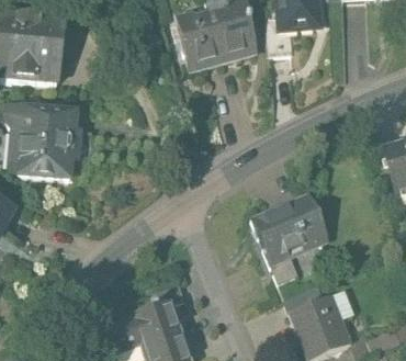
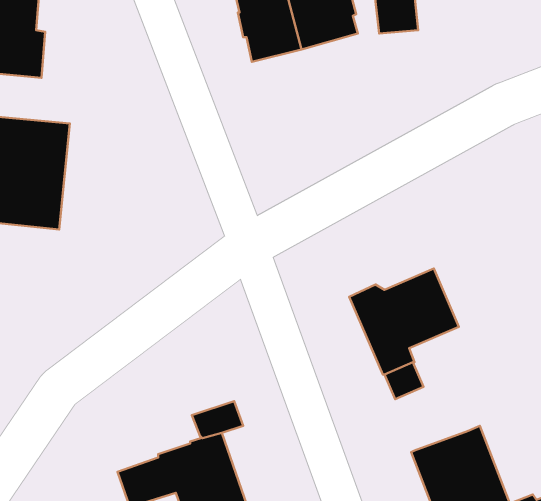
building: [285,283,325,312] -> none

